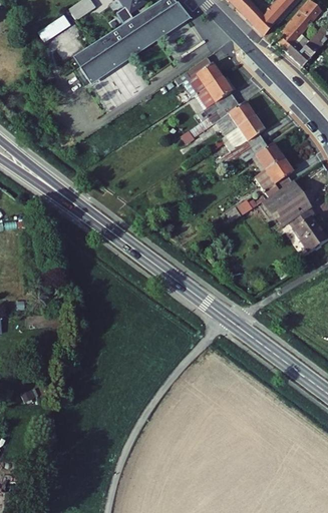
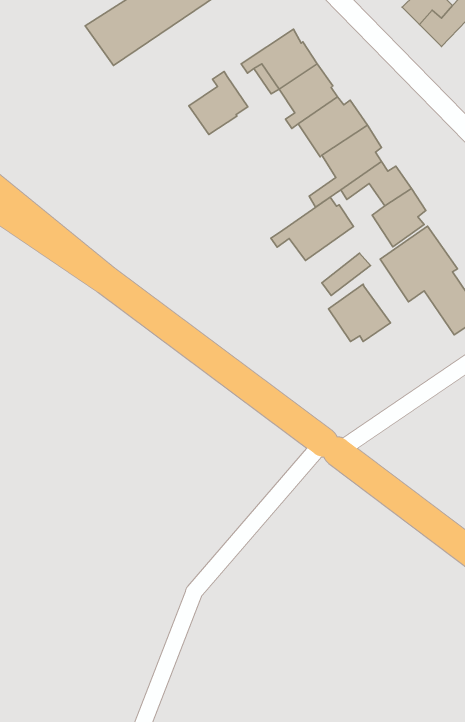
building: none -> [189,71,248,134]
building: none -> [271,197,354,261]
building: none -> [328,284,390,341]

